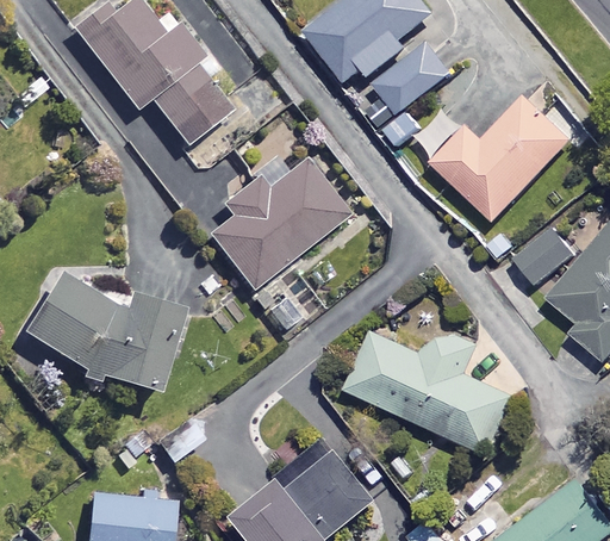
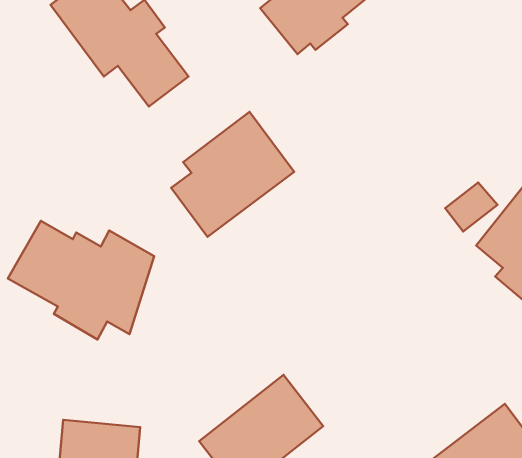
building: [371,42,447,112] -> none
building: [411,94,568,220] -> none
building: [343,331,510,453] -> none

